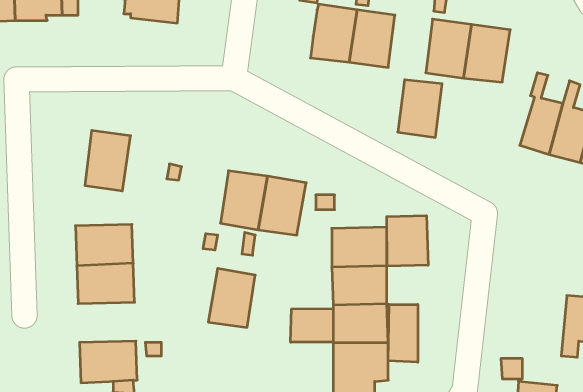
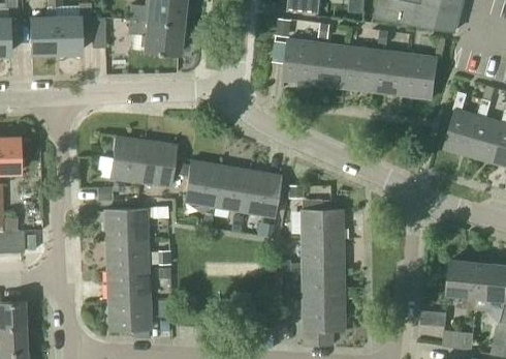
building: [398,80,442,137] -> [344,48,378,92]
building: none -> [139,141,175,187]
building: [387,216,428,266] -> none
building: [208,268,255,327] -> [185,162,221,208]
building: none -> [448,261,481,310]
building: none -> [105,269,150,300]
building: [388,304,418,362] -> none
building: [291,309,333,342] -> none

